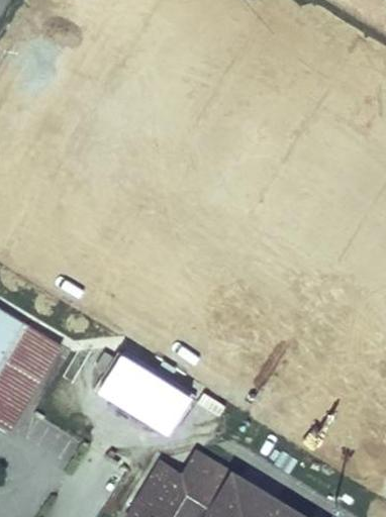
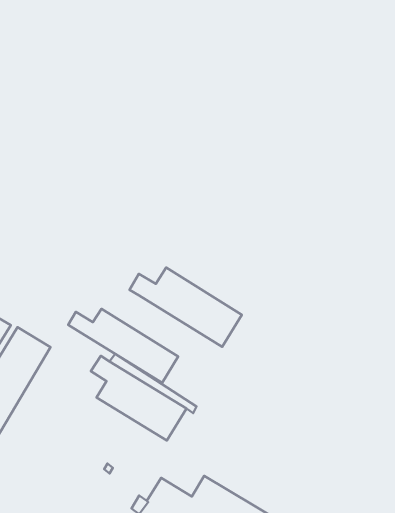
building: none -> [130,268,242,347]
building: none -> [68,309,178,383]

